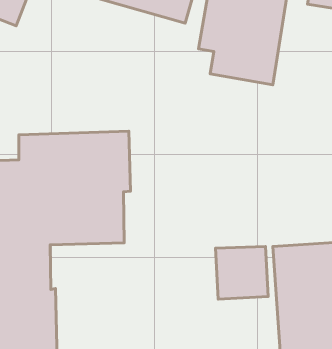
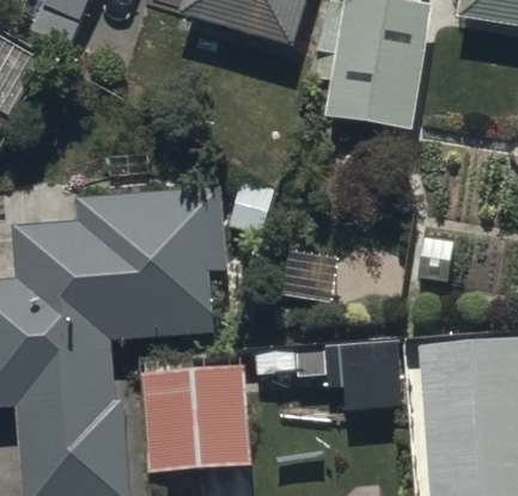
building: none -> [141,368,248,473]

